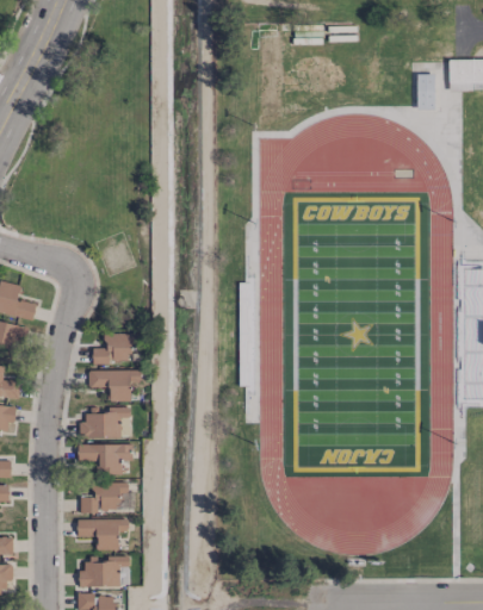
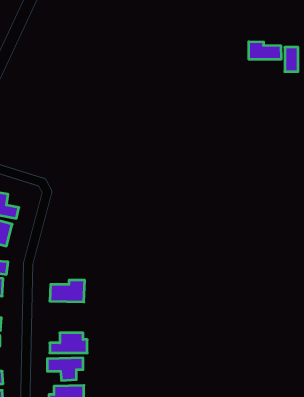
building: none -> [249,42,281,59]
building: [92,332,138,363] -> none
building: [87,369,141,402] -> none
building: [78,443,132,473] -> none

